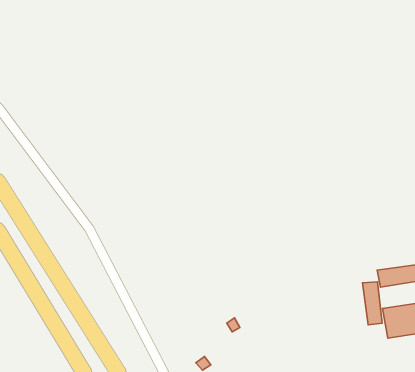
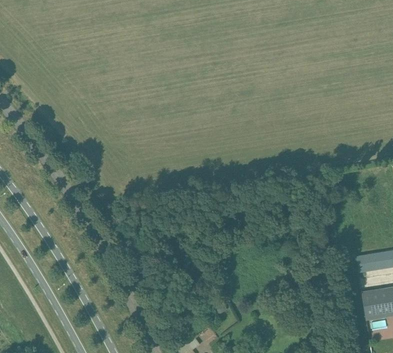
building: [363,282,382,325] -> none

